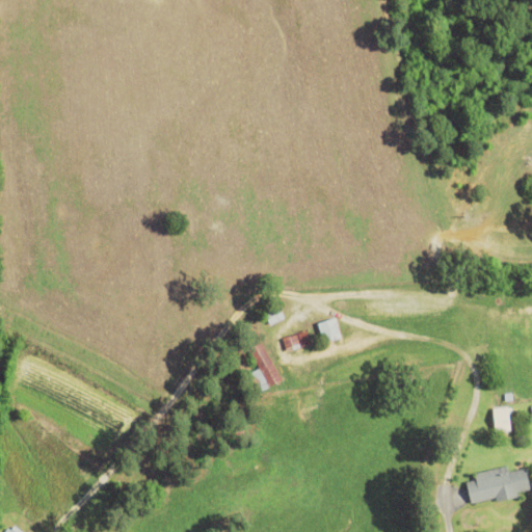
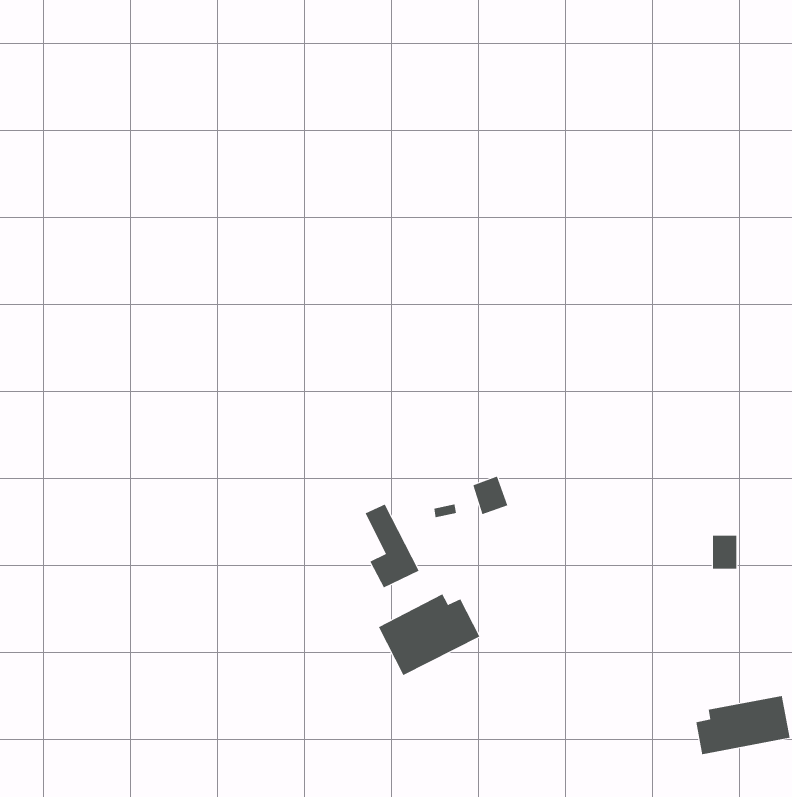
building: none -> [378,594,480,676]
building: [494,407,510,430] -> [712,535,737,569]

